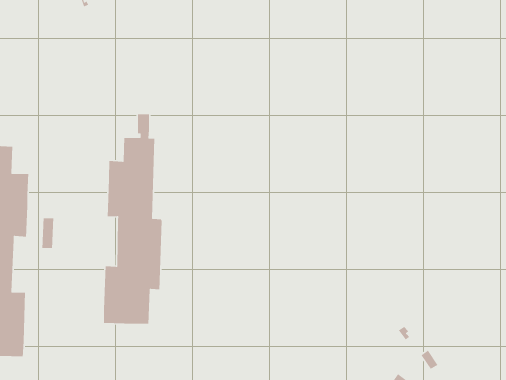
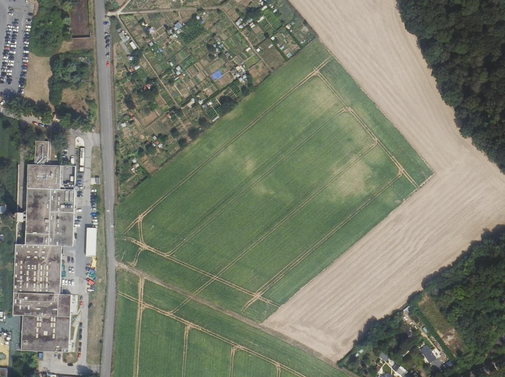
building: [103,114,162,325] -> none

